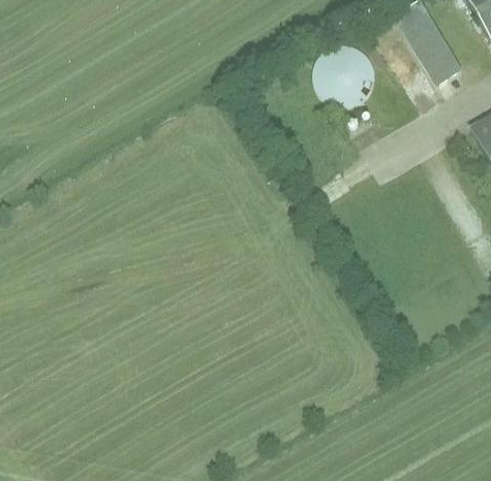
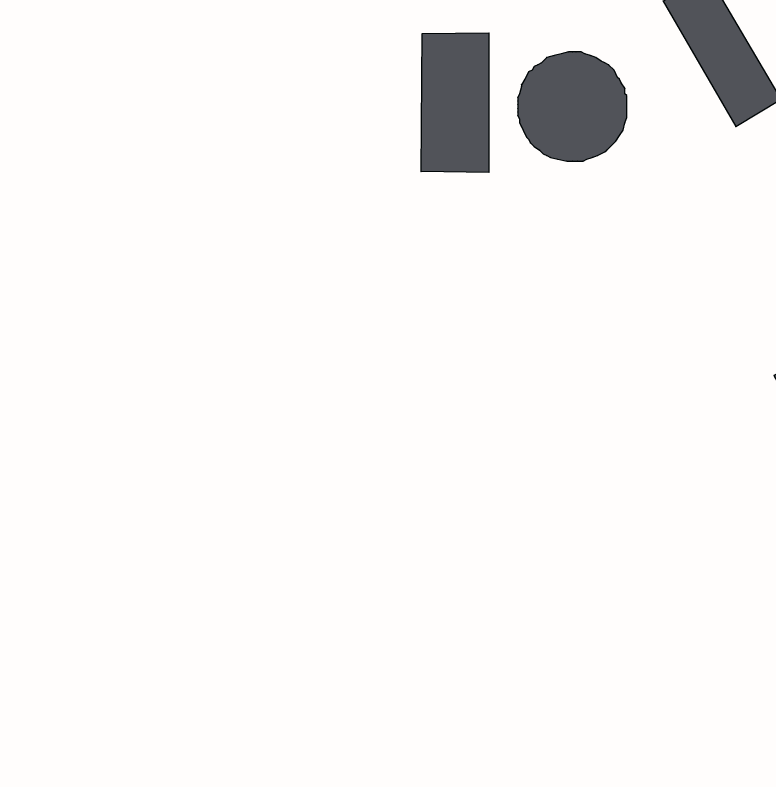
building: none -> [421,33,489,172]

